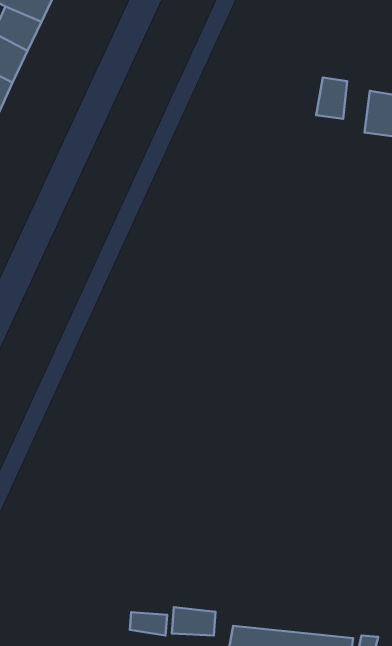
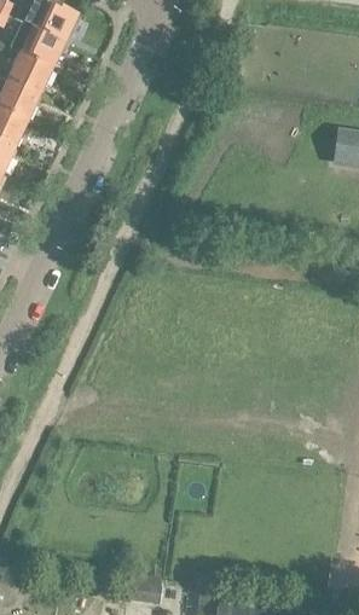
building: [316,78,347,119] -> none
building: [172,607,216,636] -> none

